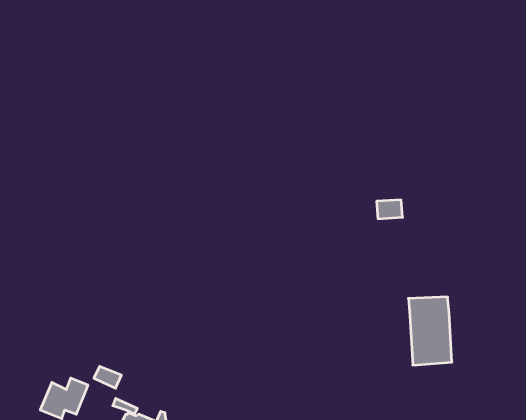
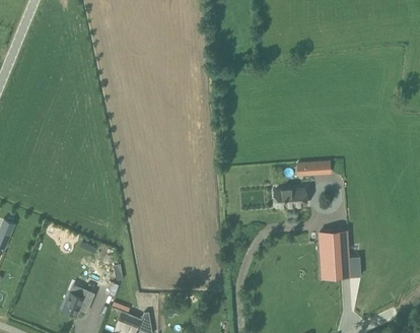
building: none -> [273,188,305,207]

